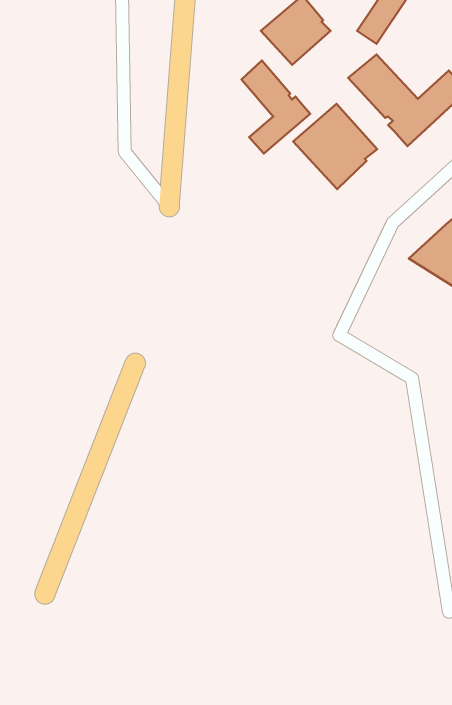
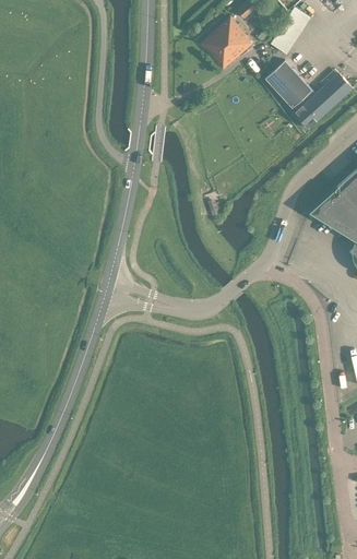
building: [242,60,310,153] -> none
building: [293,104,377,189] -> none

